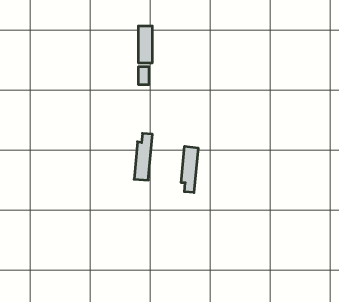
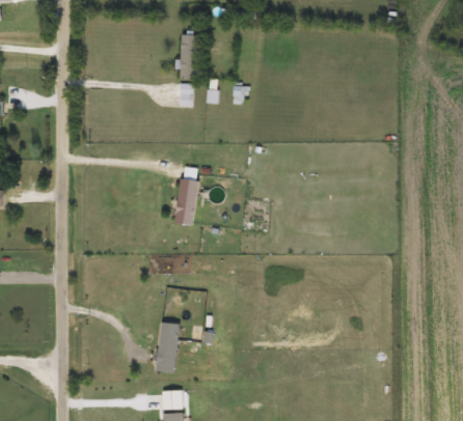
building: [181,146,198,193] -> none
building: none -> [157,322,180,372]

